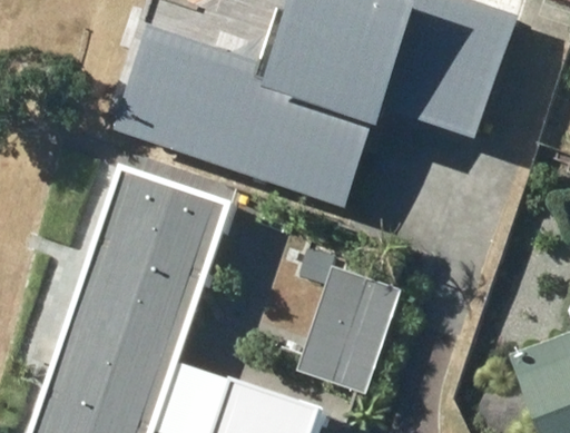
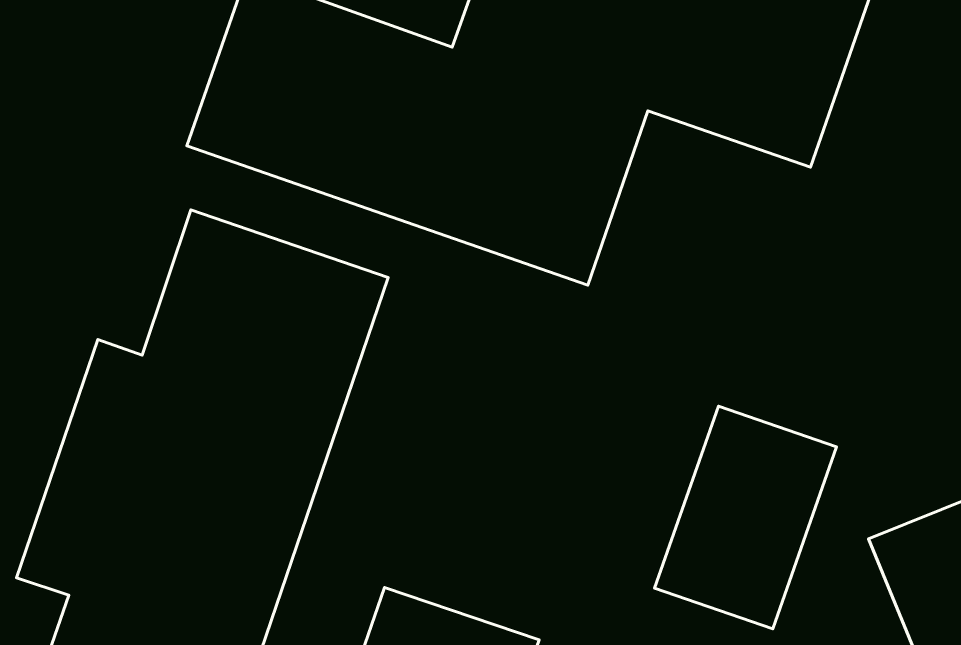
building: [297,264,402,392] -> [655,406,837,629]

